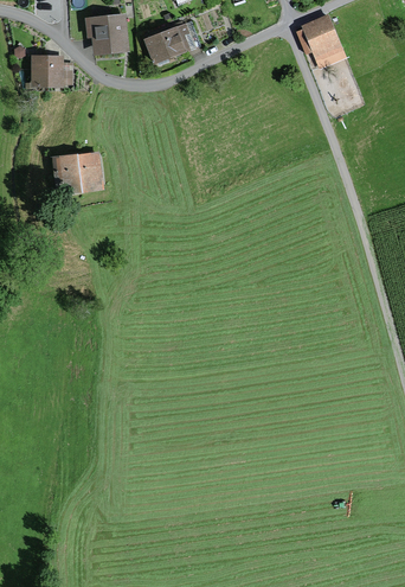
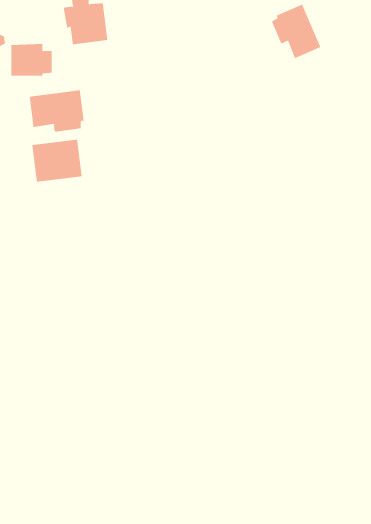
building: [143,20,201,65] -> none
building: none -> [29,90,84,132]

